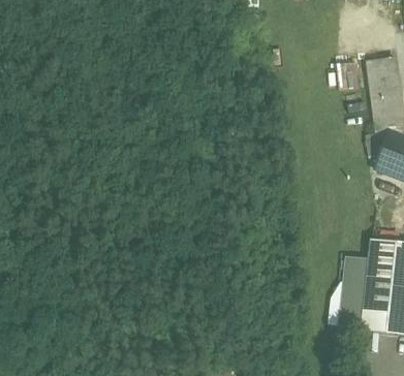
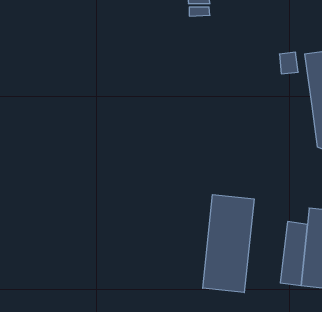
building: none -> [203,195,254,293]

